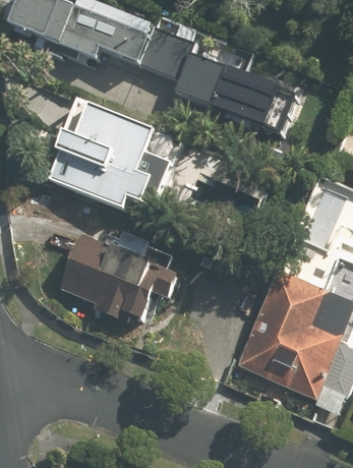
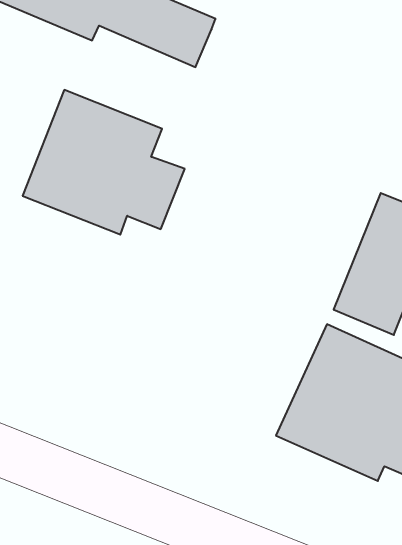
building: [176,53,295,133] -> none
building: [61,225,179,320] -> none

